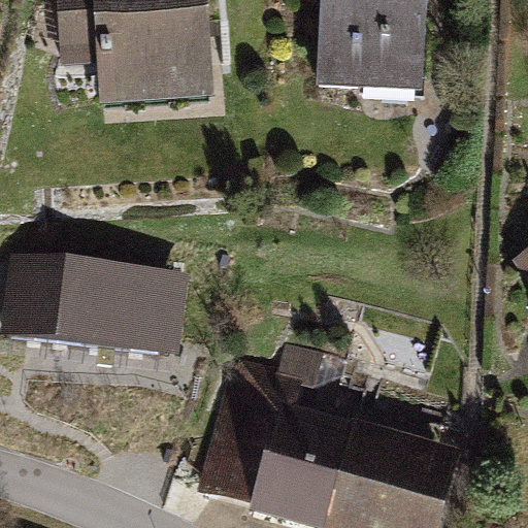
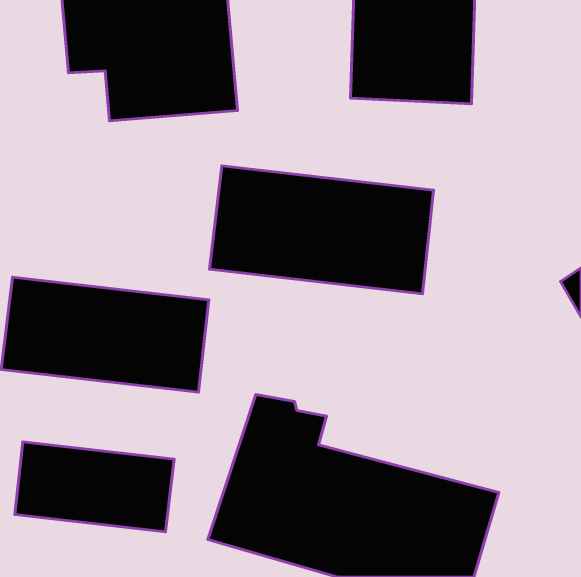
building: none -> [209,166,434,294]
building: none -> [15,442,174,532]

